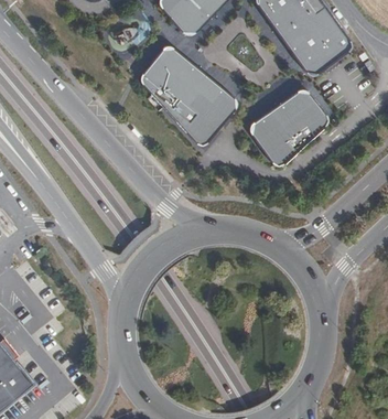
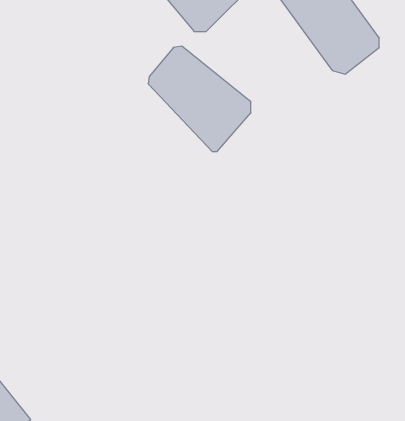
building: [250,89,326,163] -> none

